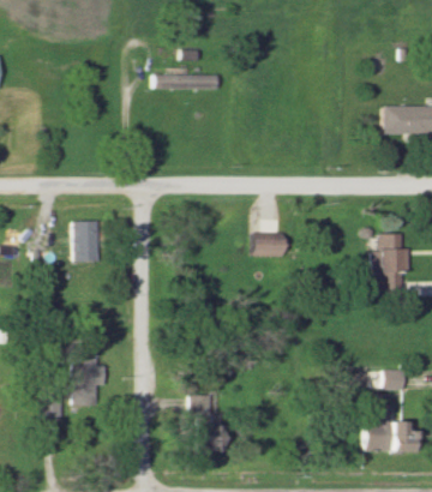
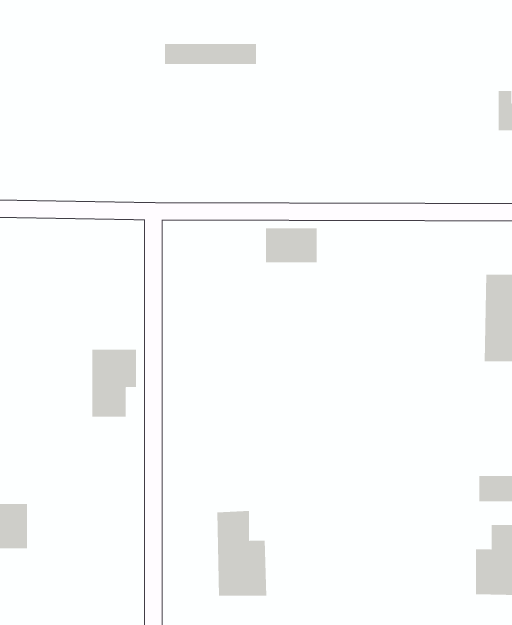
building: [73,221,98,258] -> none
building: [252,233,288,257] -> [265,228,318,263]
building: [72,360,103,407] -> [91,349,137,417]

